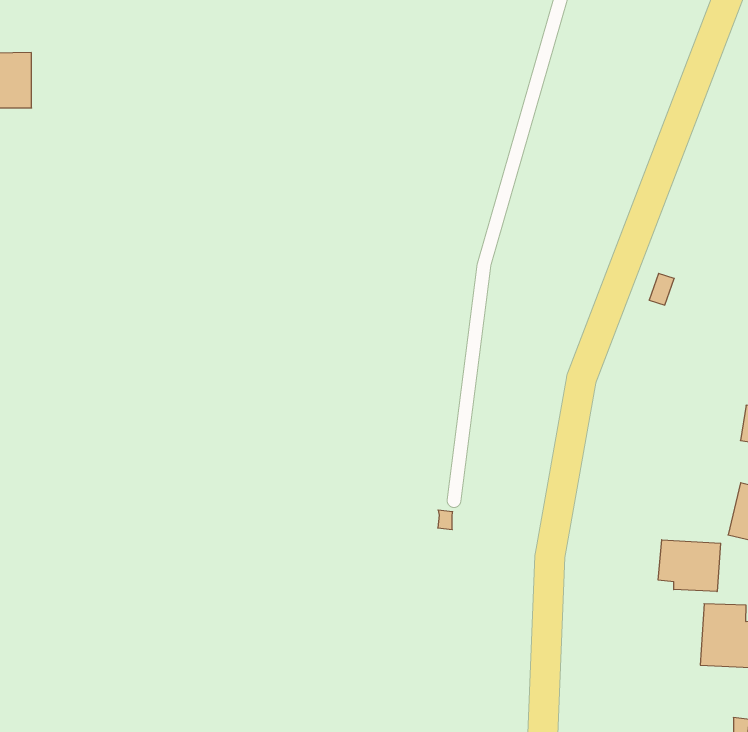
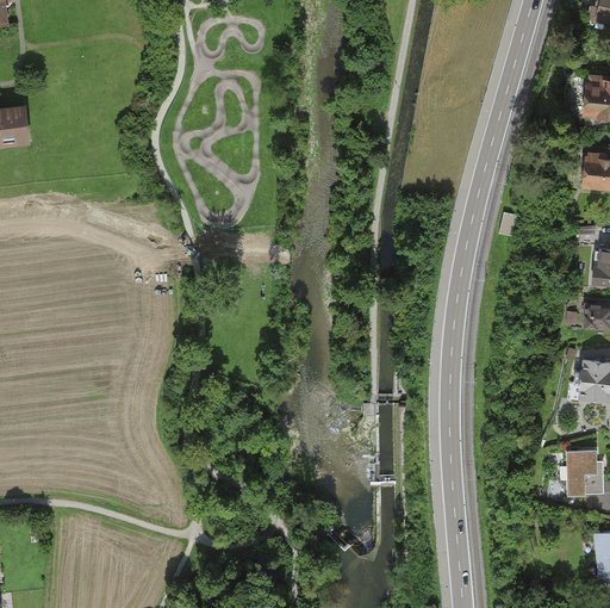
building: [658,540,721,592] -> none

